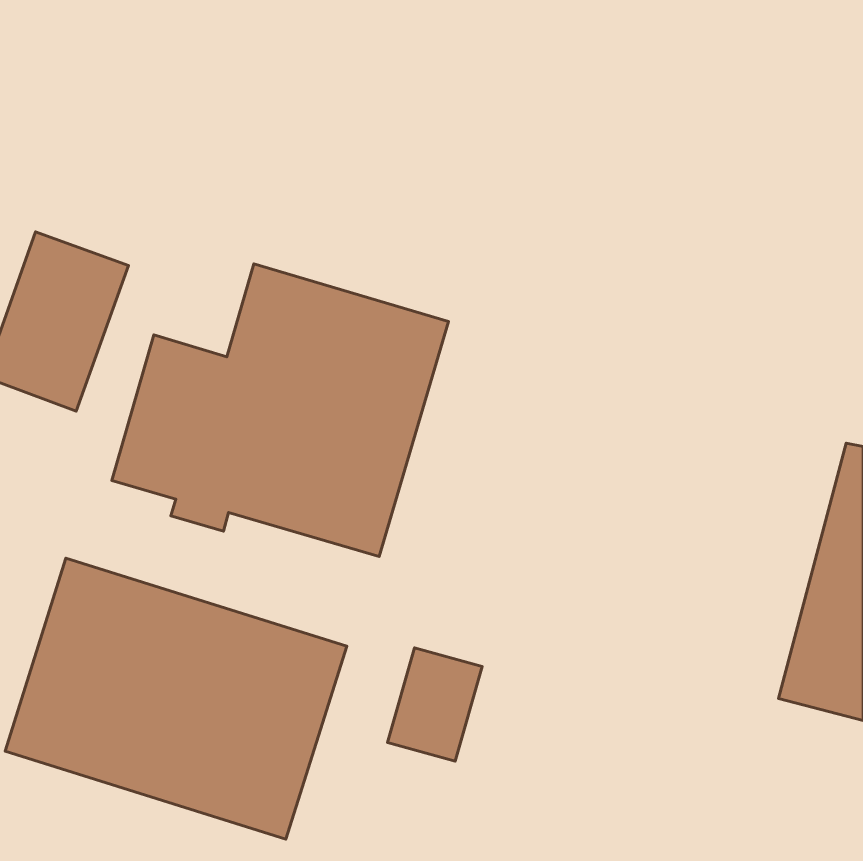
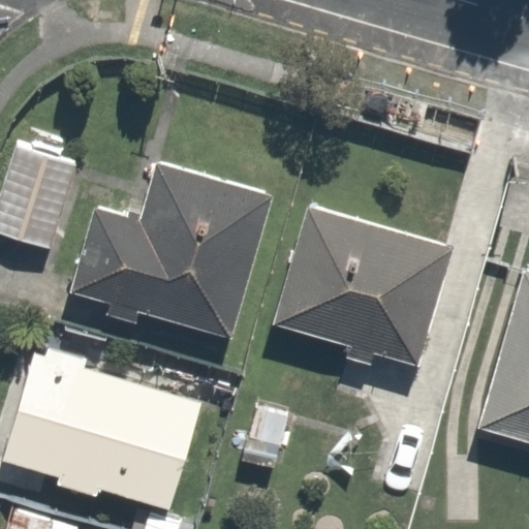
building: none -> [273,206,455,366]

